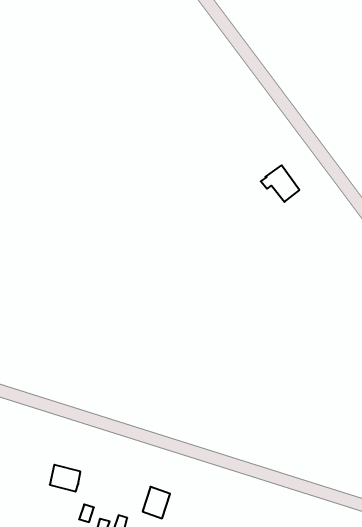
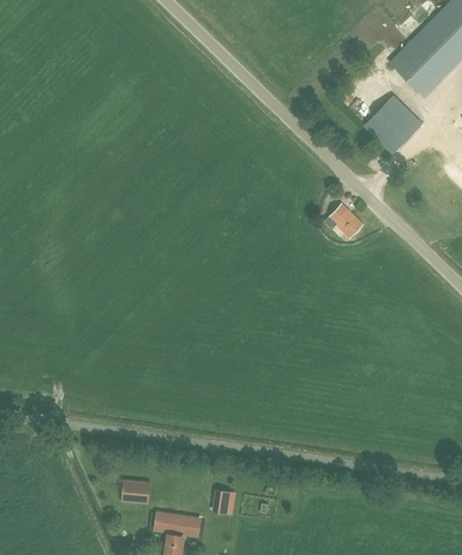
building: [261,165,299,202] -> [325,203,362,236]

